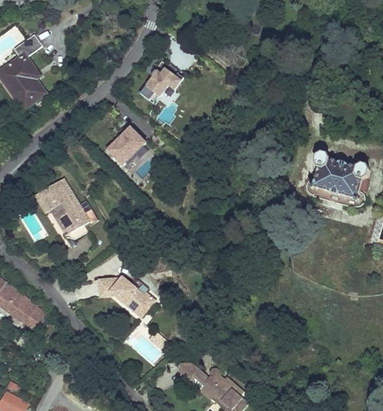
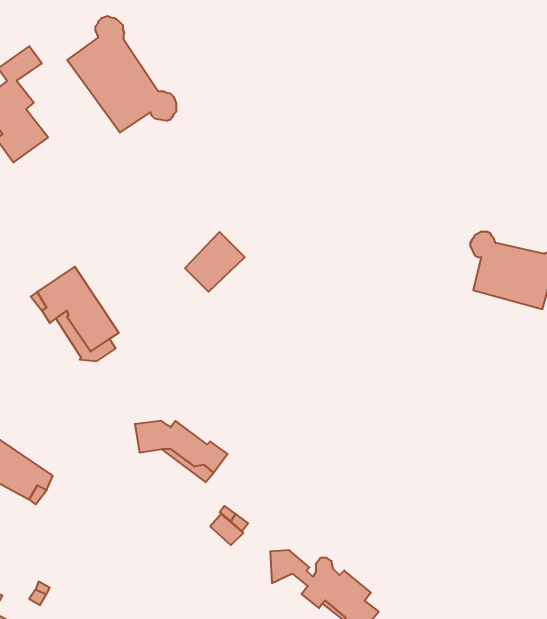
building: none -> [67,16,176,133]
building: [140,68,182,103] -> none
building: [107,127,145,165] -> [185,232,245,292]

